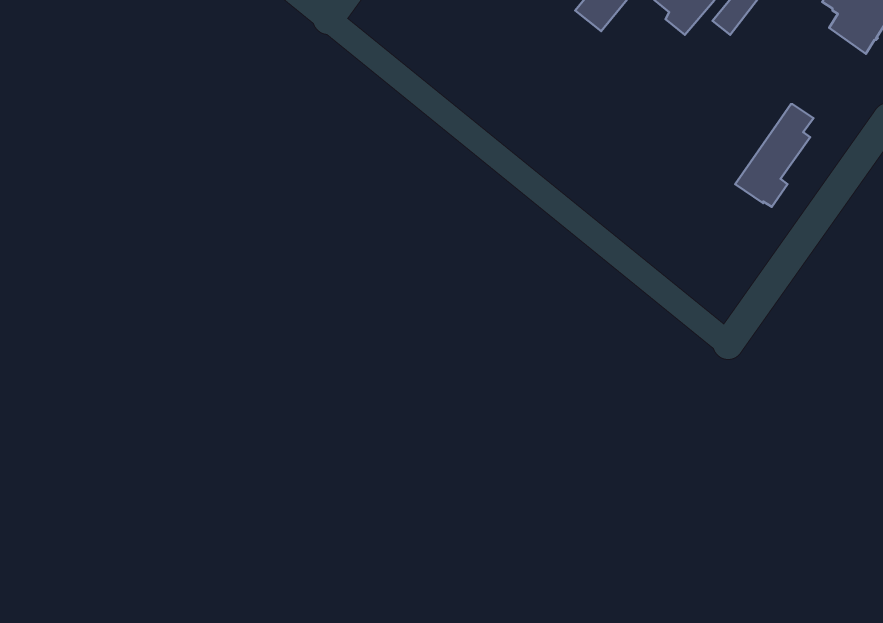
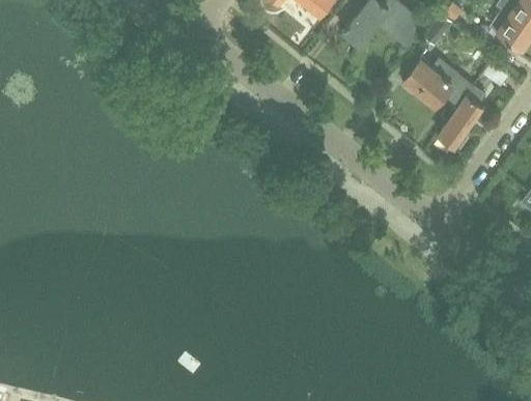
building: none -> [402,59,472,106]

